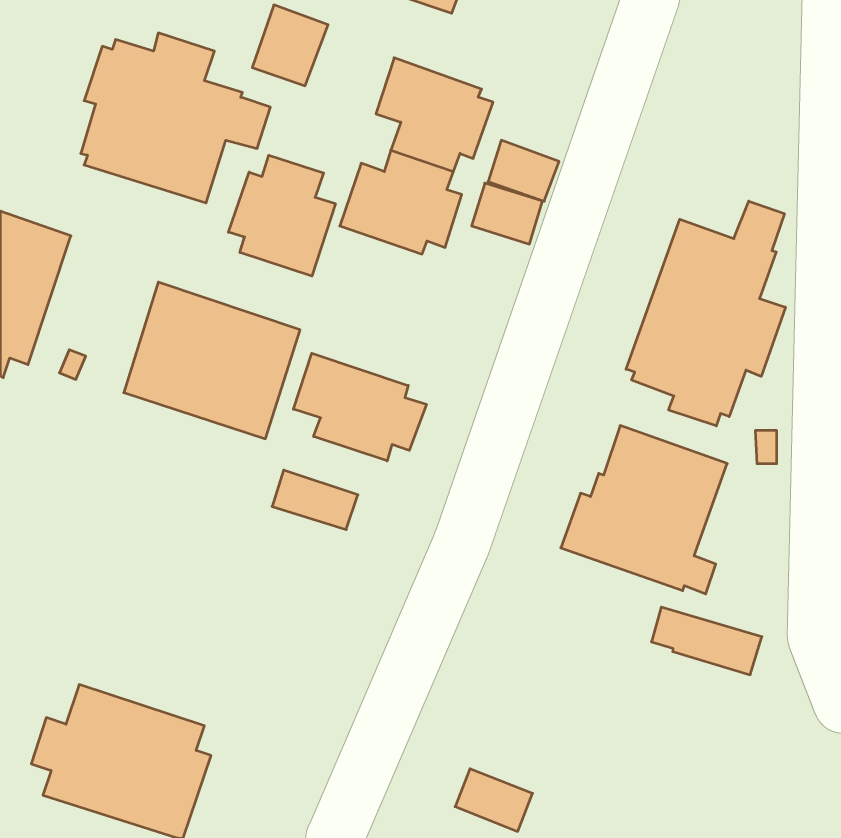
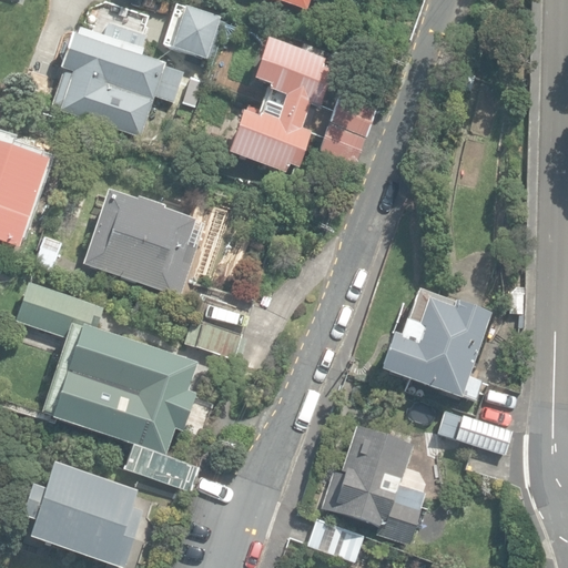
building: [228,155,335,276] -> none
building: [626,201,785,426] -> none
building: [293,353,426,461] -> none
building: none -> [17,282,201,490]
building: none -> [322,425,432,539]

